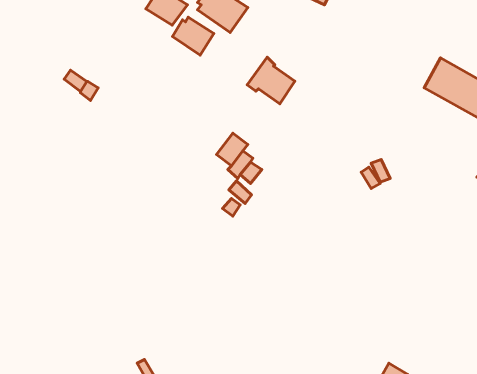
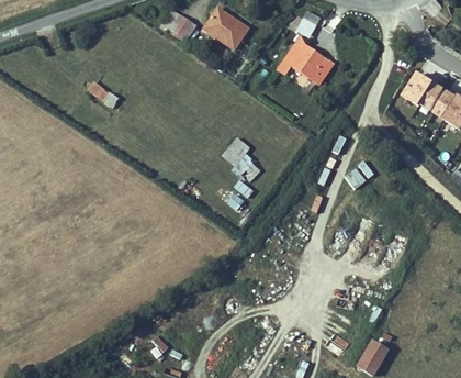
building: [173,17,214,55] -> none
building: [247,57,295,104] -> [281,40,323,80]

